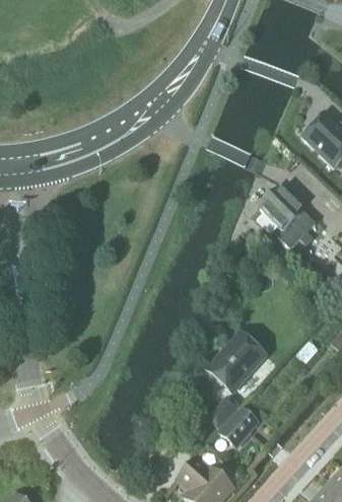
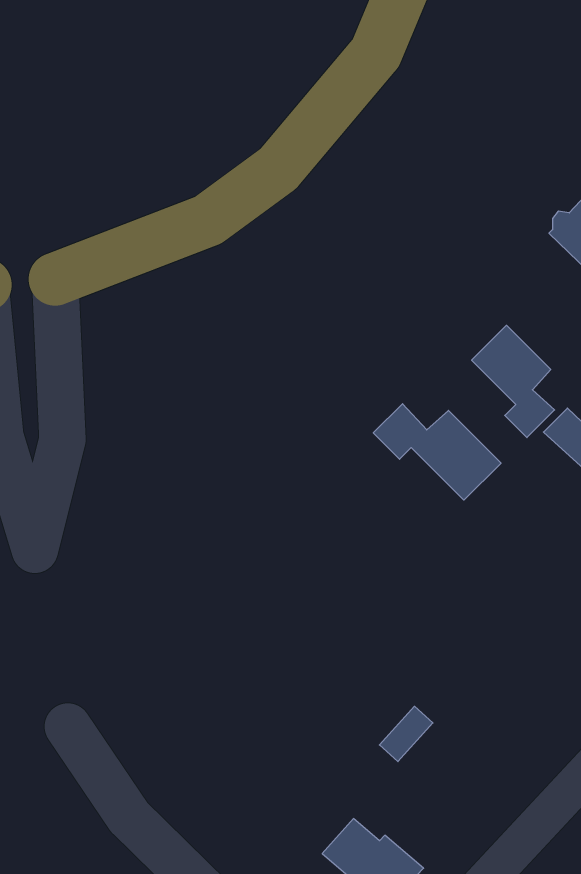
building: none -> [373,404,501,500]
building: [209,334,266,392] -> none
building: [221,409,259,443] -> none

